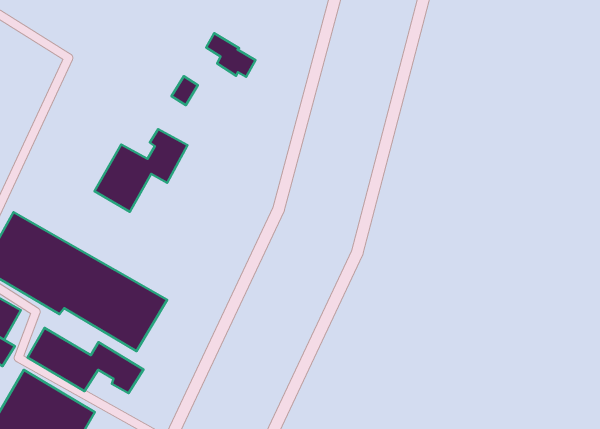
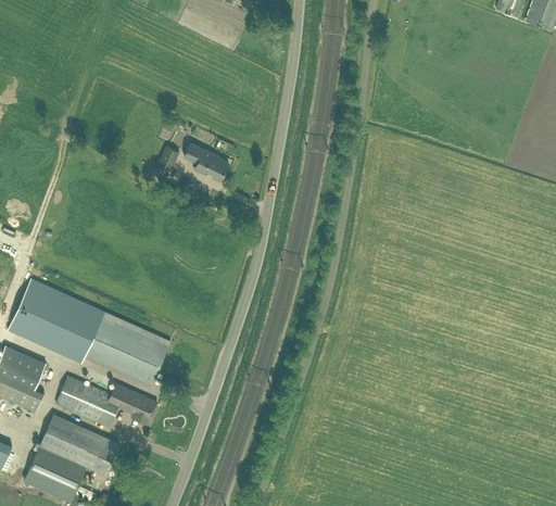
building: [206,33,255,77] -> [184,143,227,178]
building: [94,129,188,212] -> none

